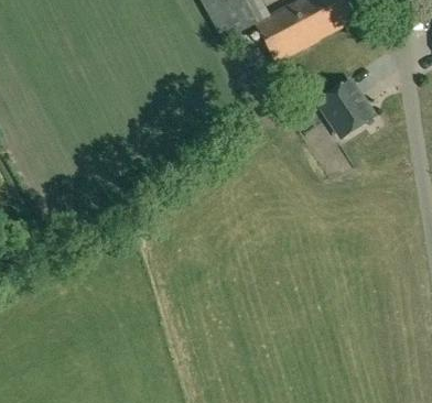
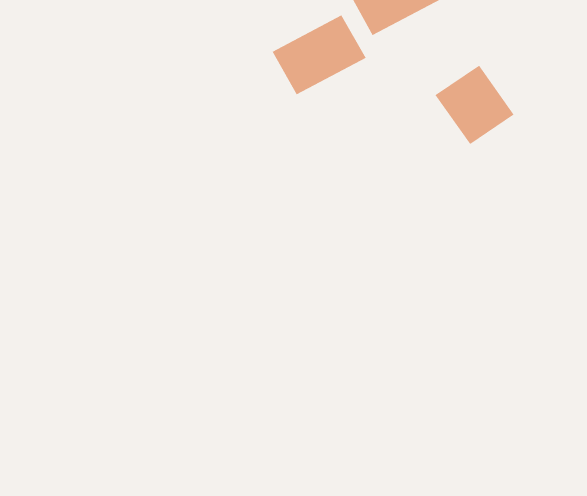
building: none -> [272,15,366,95]

